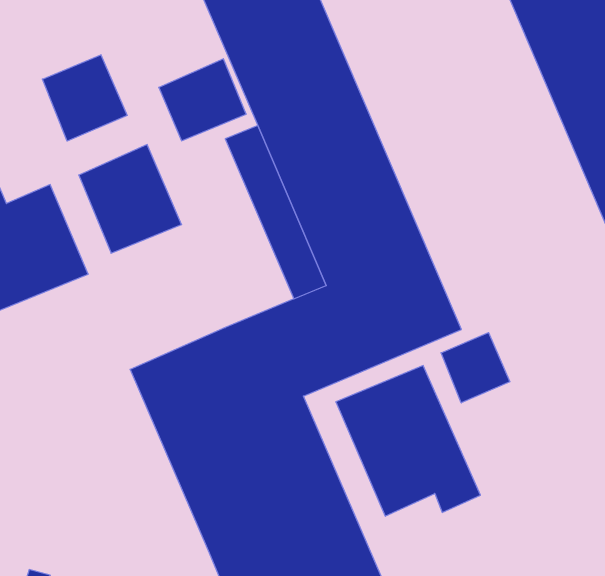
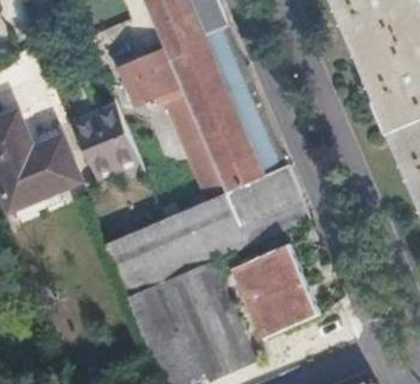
building: [42,55,127,141] -> none
building: [441,333,510,403] -> none

